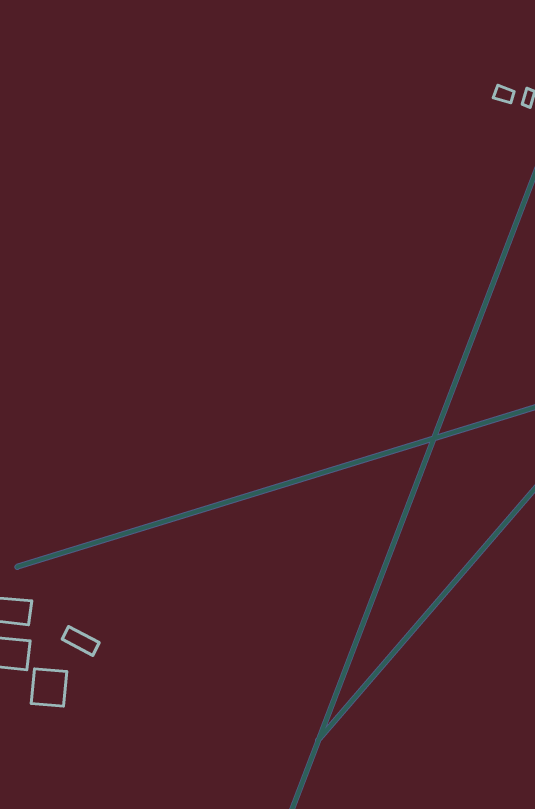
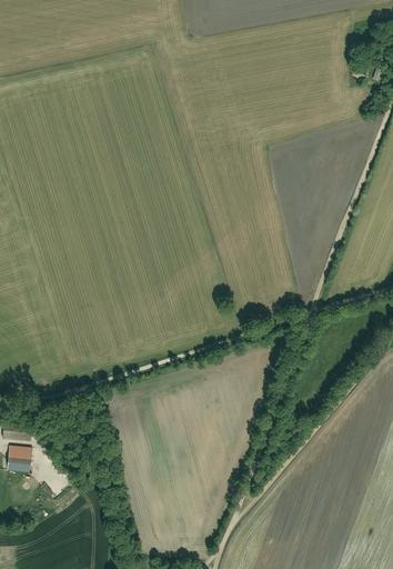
building: [31,669,67,706] -> none

